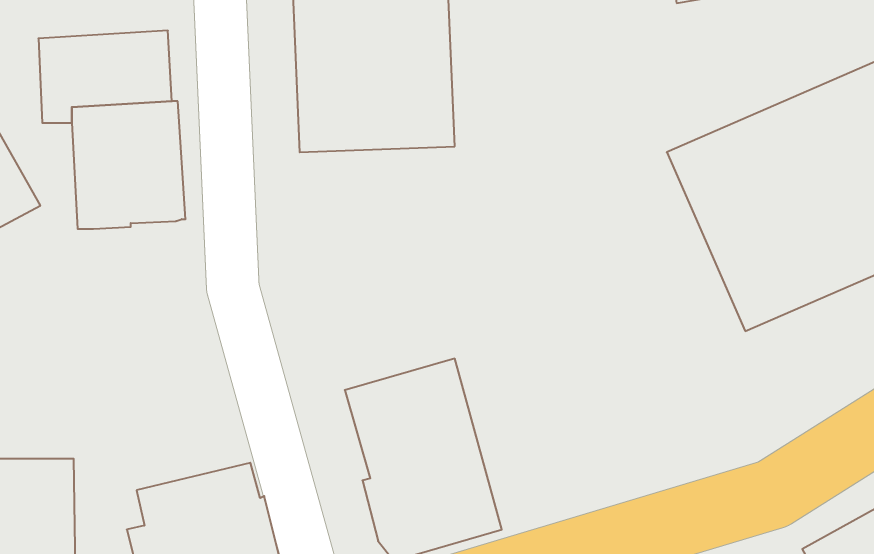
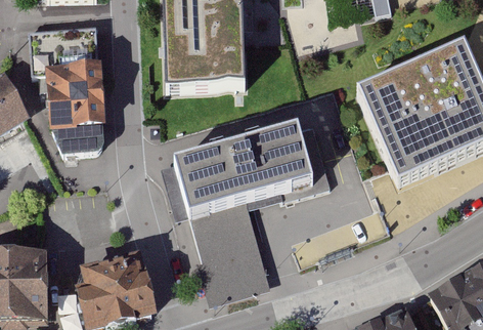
building: none -> [51,126,104,154]
building: none -> [173,126,313,215]

